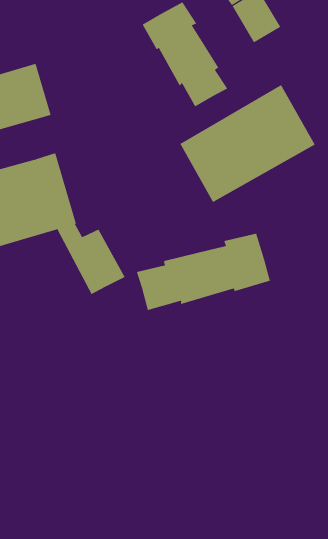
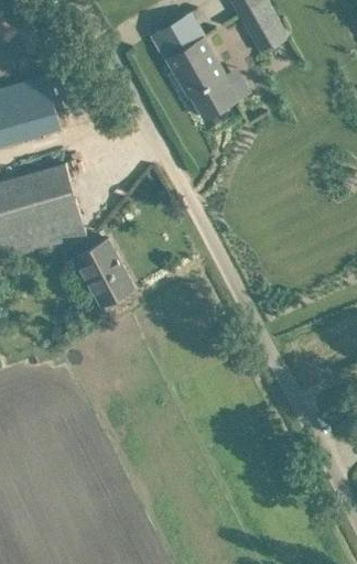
building: [180,84,315,203] -> none
building: [136,233,270,311] -> none

